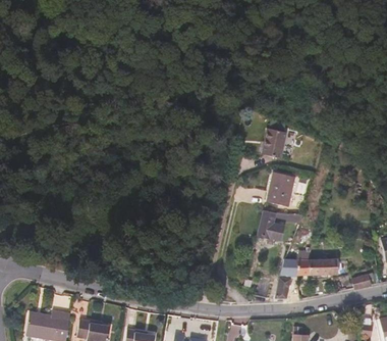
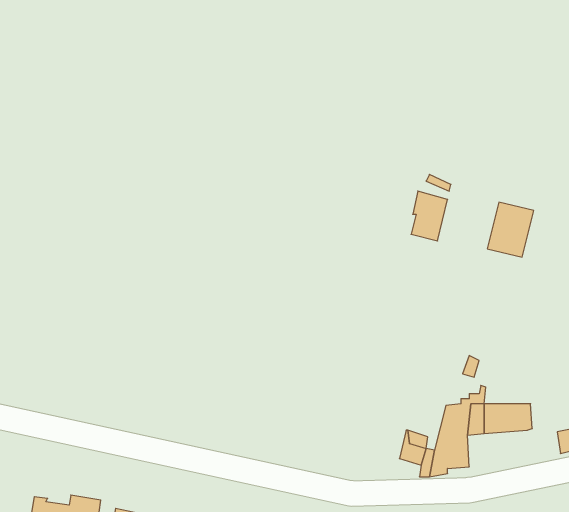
building: [267,168,295,202] -> [487,202,534,257]
building: [257,206,300,236] -> none

